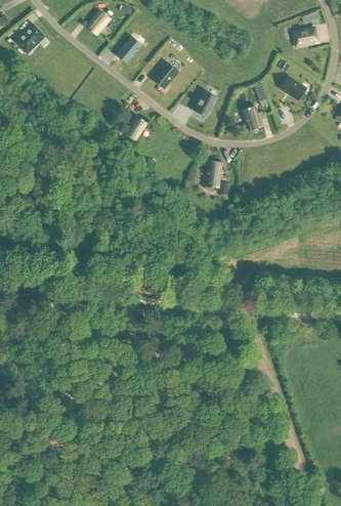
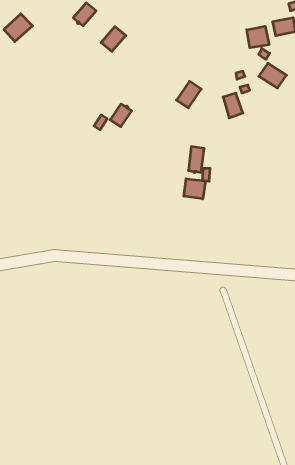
building: none -> [247,26,269,48]
building: [151,59,178,88] -> none
building: none -> [184,179,206,199]

